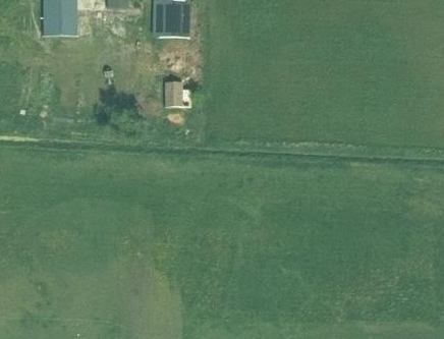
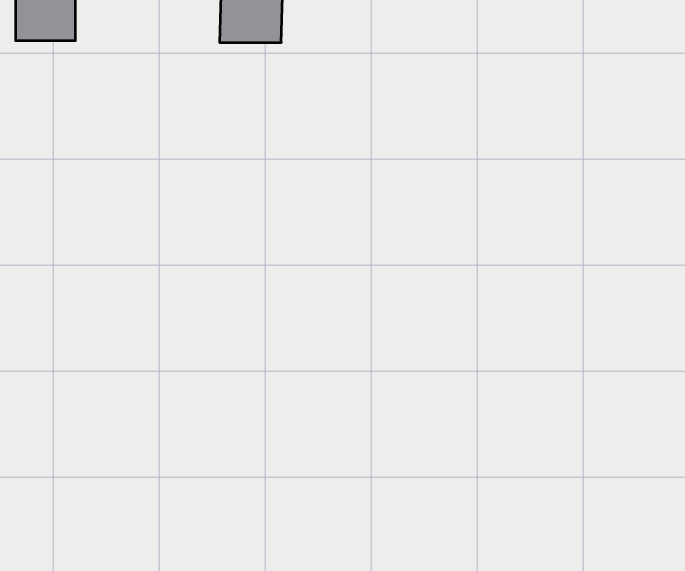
building: [165,81,190,106] -> none

